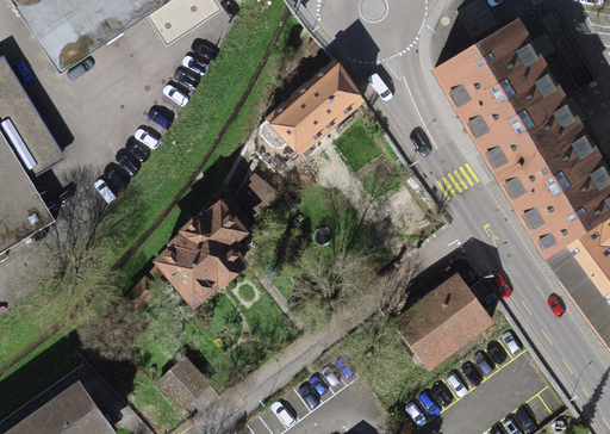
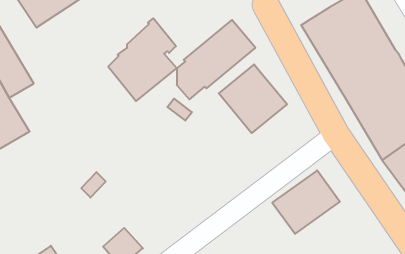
building: none -> [219,64,287,133]
building: [152,193,249,310] -> [108,18,177,101]

